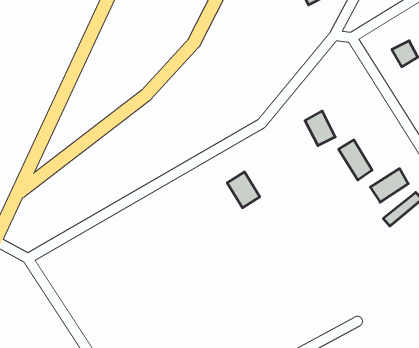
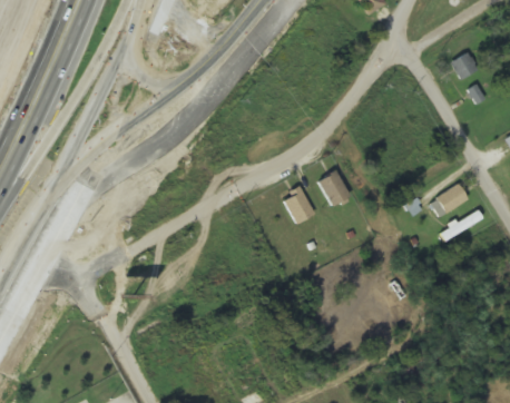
building: [305,111,335,146] -> [318,170,350,206]
building: [339,140,372,180] -> none

